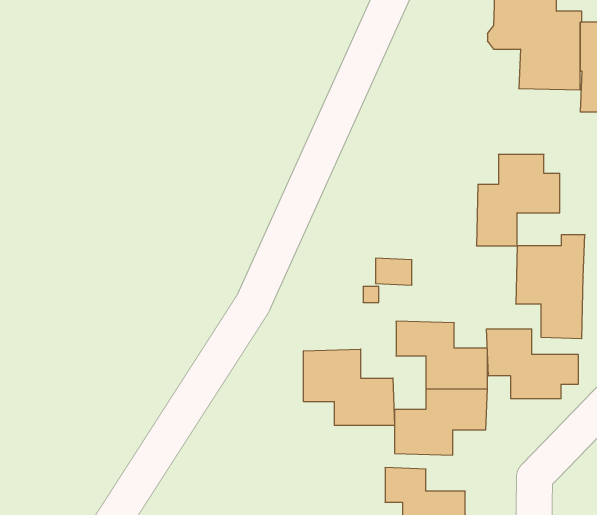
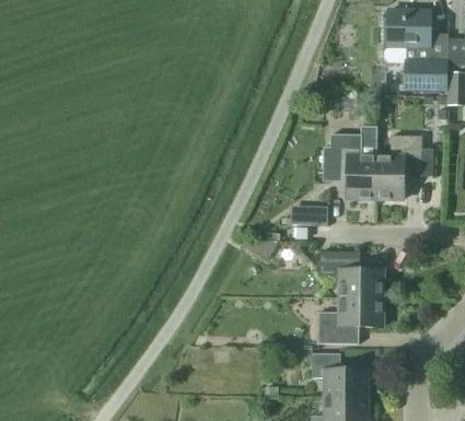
building: [516,235,585,339] -> [328,126,376,198]
building: [487,329,578,399] -> none
building: [304,349,395,425] -> none

